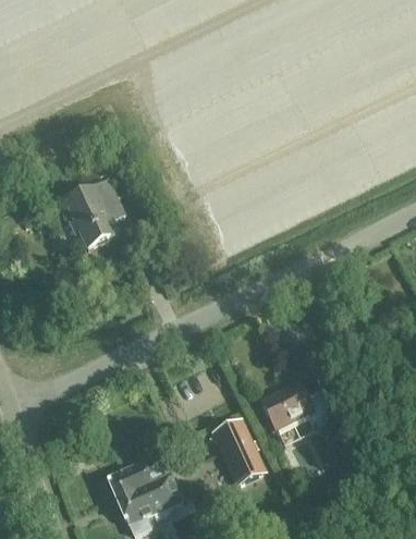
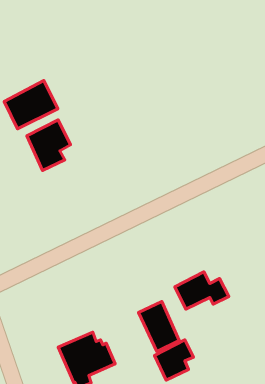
building: none -> [4,81,58,129]
building: none -> [155,340,193,380]

